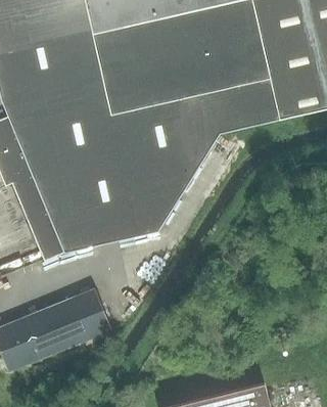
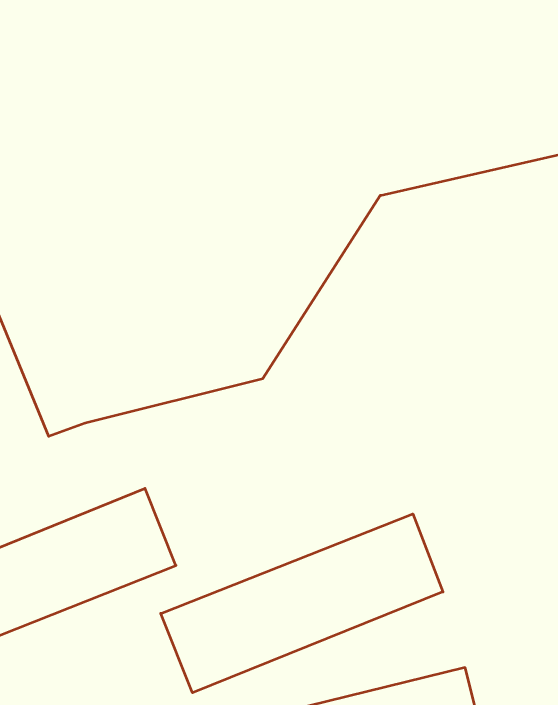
building: none -> [161,514,443,693]

